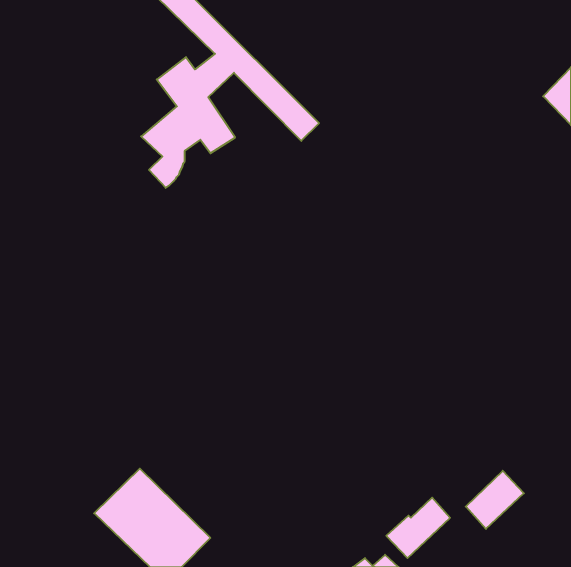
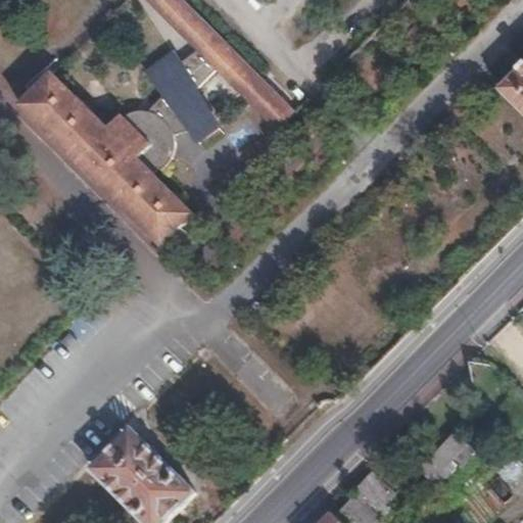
building: none -> [16,69,192,245]

